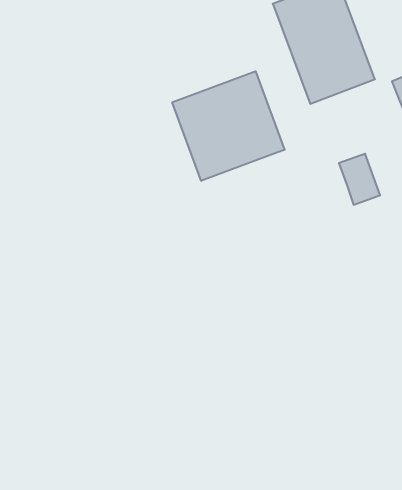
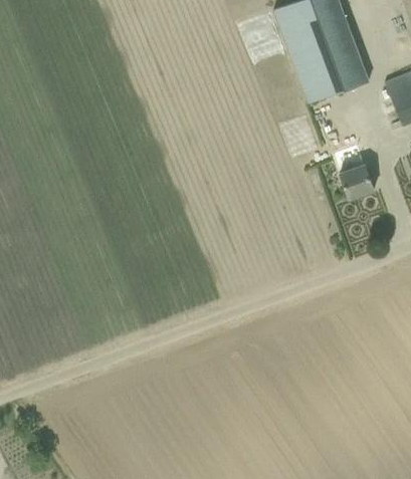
building: [172,71,285,181] -> none

